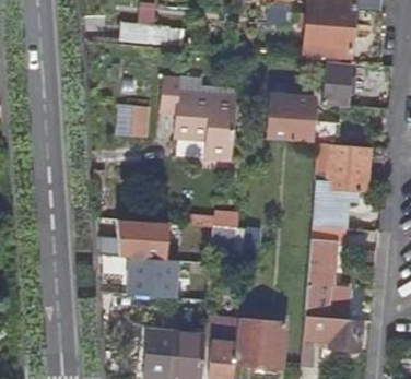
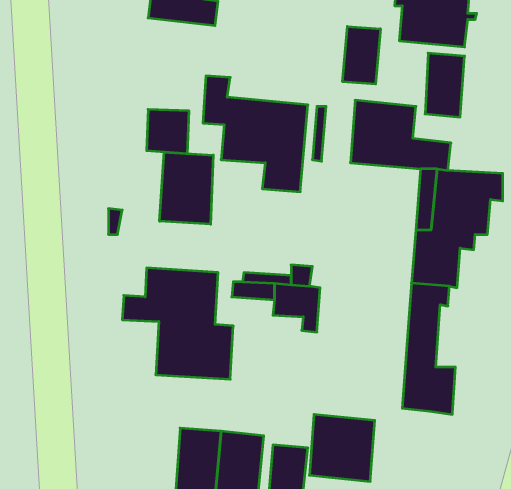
building: none -> [343,26,380,84]
building: none -> [160,152,213,224]
building: [302,316,362,368] -> none

